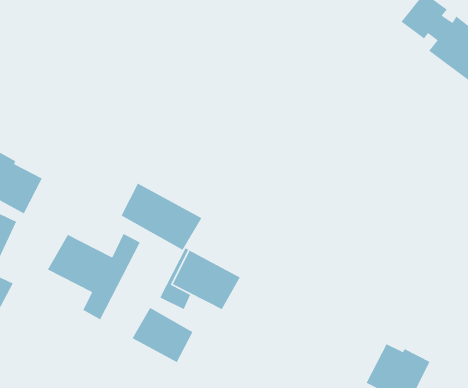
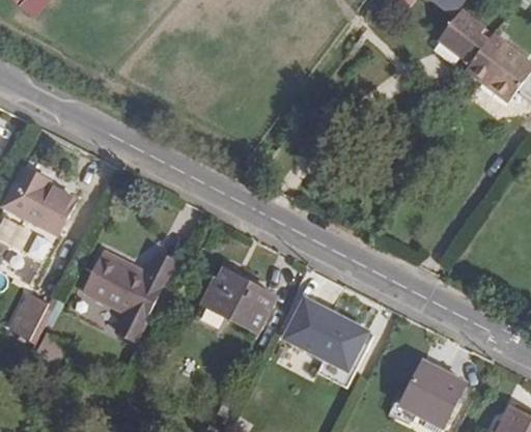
building: [120,183,202,251] -> none
building: none -> [285,299,367,369]
building: [131,307,193,363] -> none

